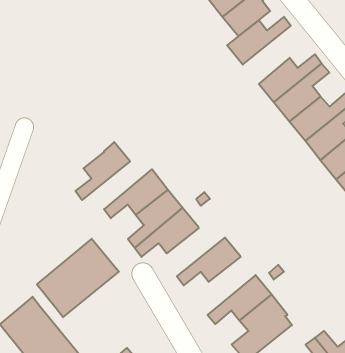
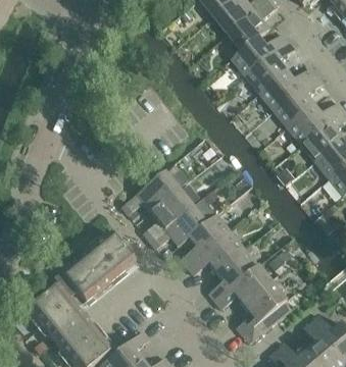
building: none -> [245,42,294,94]
building: [75,142,130,200] -> [180,214,229,266]
building: none -> [207,249,256,301]

